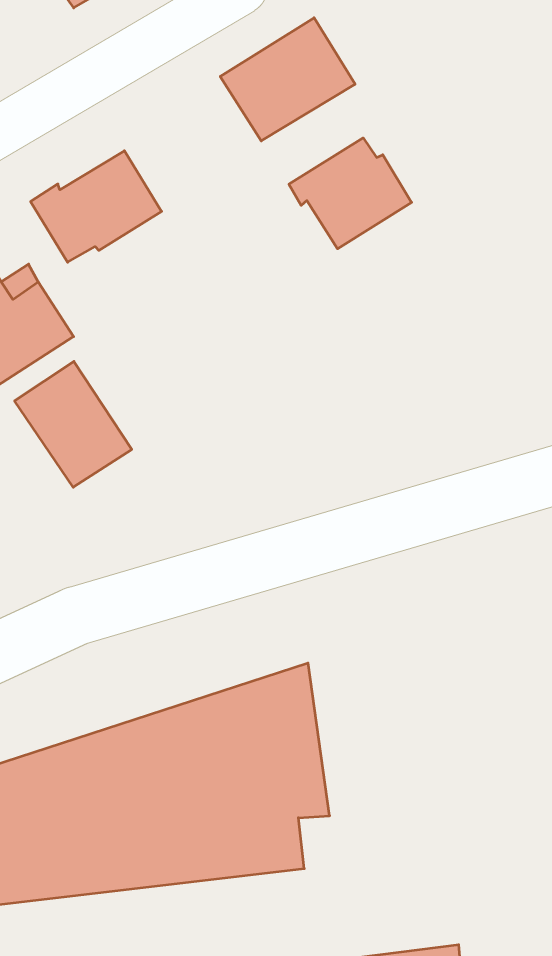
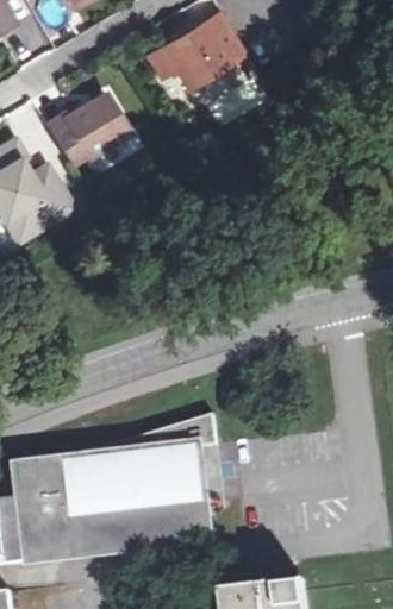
building: [289,138,412,249] -> none
building: [15,361,132,487] -> none

